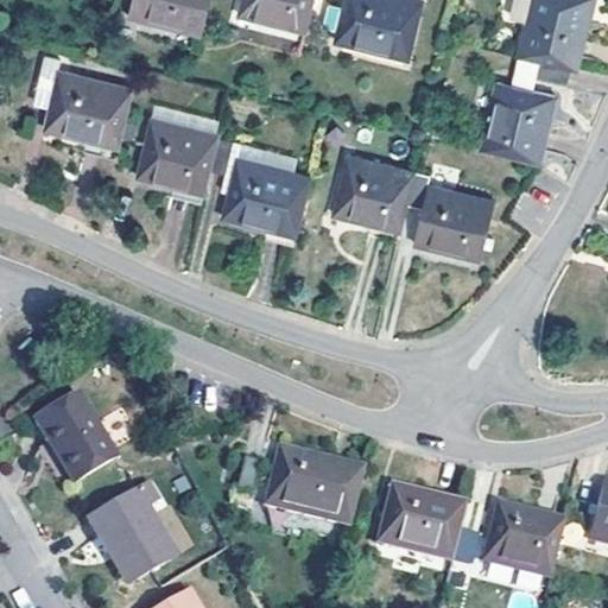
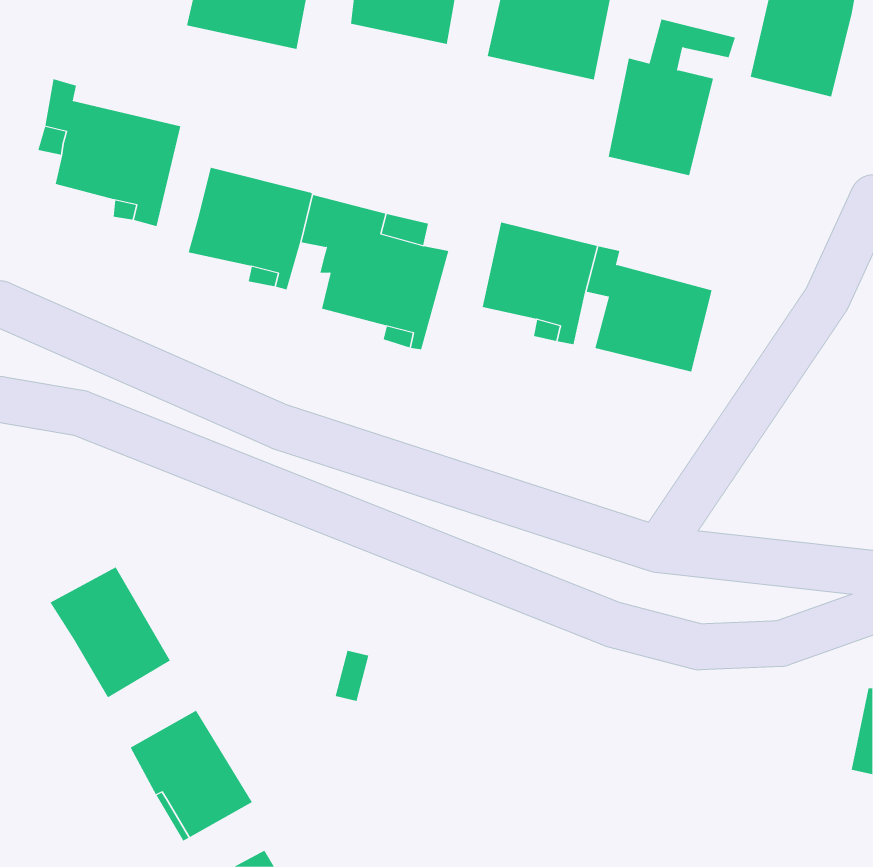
building: [484,53,574,163] -> [608,19,736,176]
building: [264,443,363,521] -> none
building: [375,484,463,560] -> none
building: [482,502,563,577] -> none

